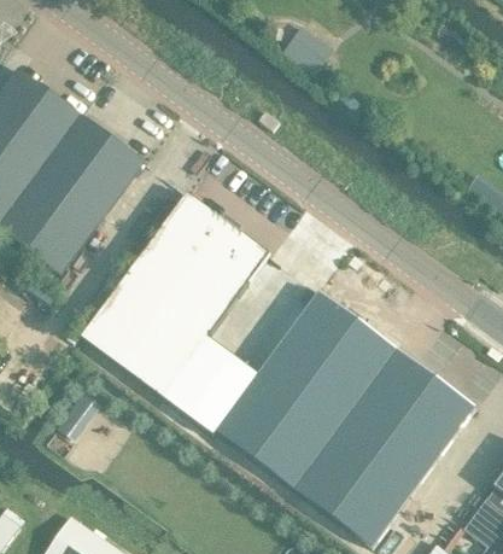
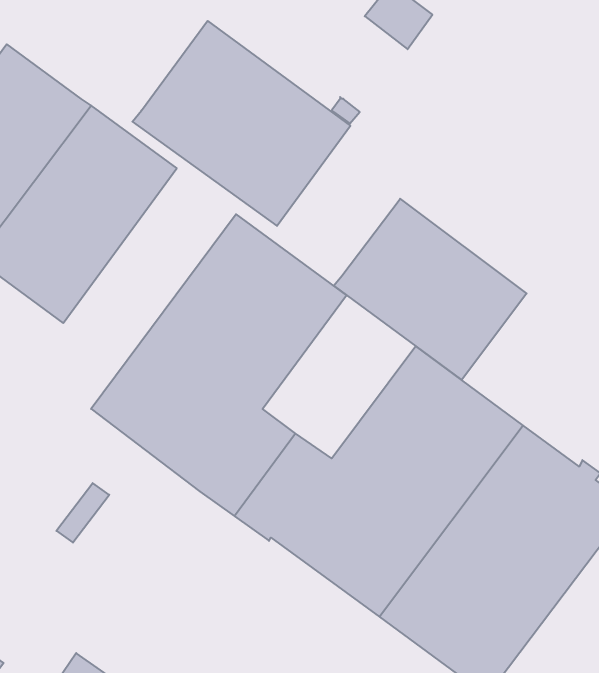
building: none -> [132,21,350,226]
building: none -> [334,199,527,380]

